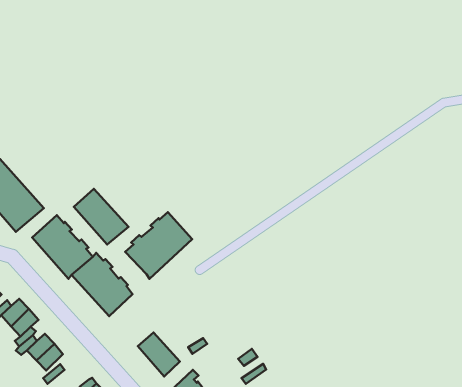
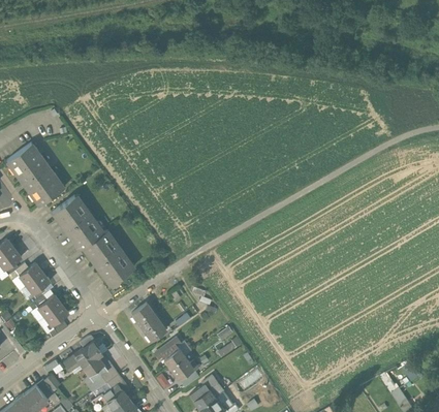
building: [74,189,128,244] -> none
building: [125,212,192,279] -> none

